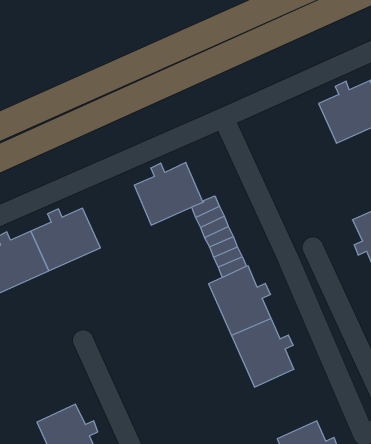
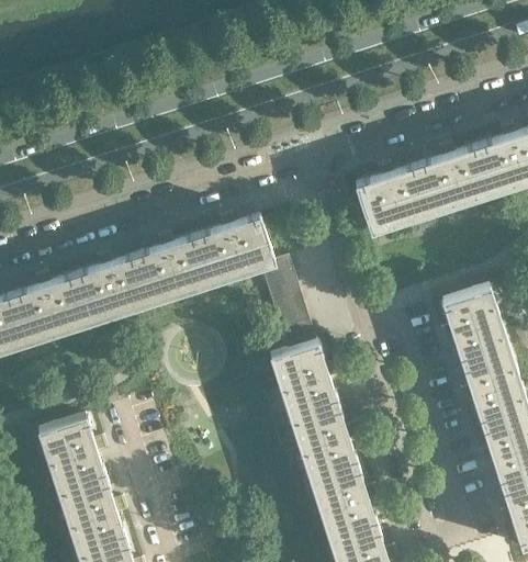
building: none -> [356,166,434,235]
building: none -> [137,236,213,305]
building: none -> [38,418,108,495]
building: none -> [311,467,379,543]

